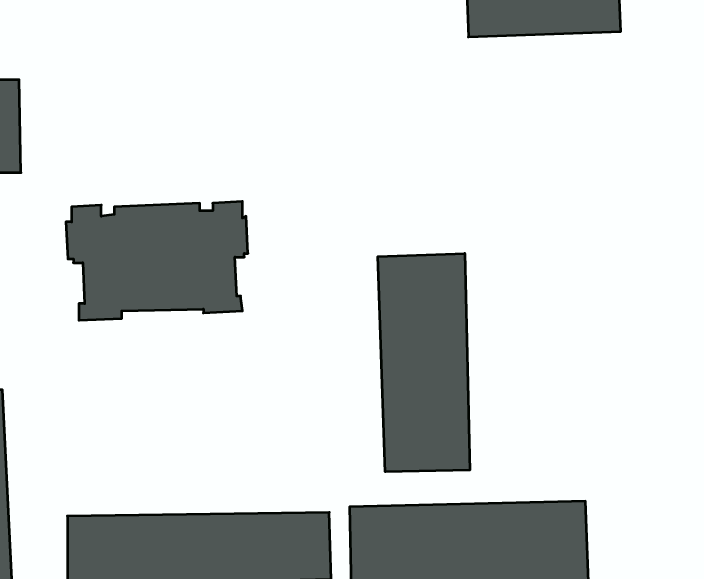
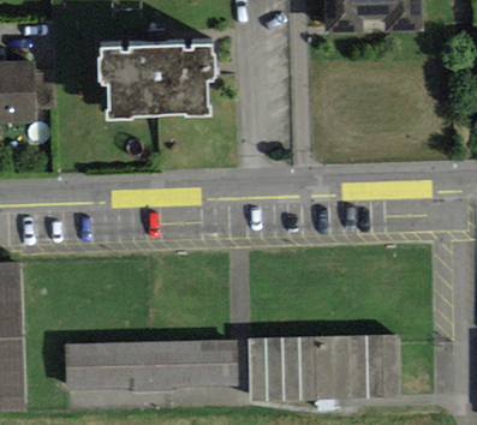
building: [66,201,248,320] -> [96,44,214,121]
building: [378,253,470,472] -> none

